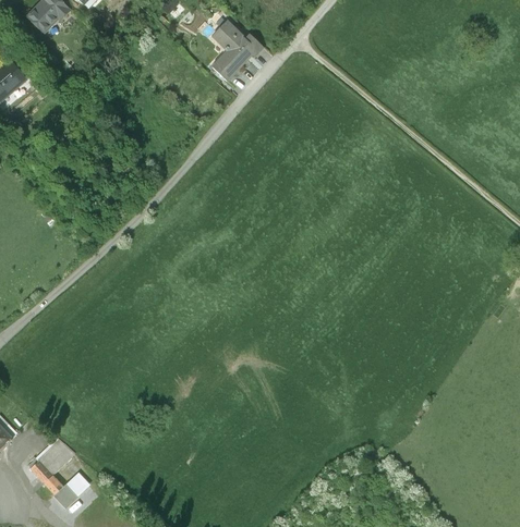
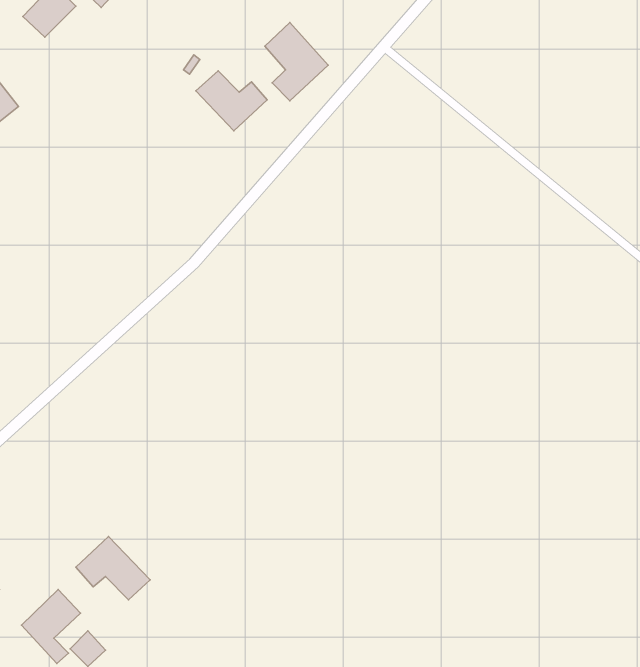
building: none -> [196,71,267,131]
building: none -> [76,537,150,600]

